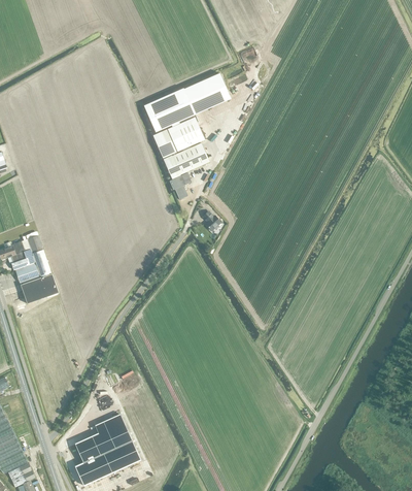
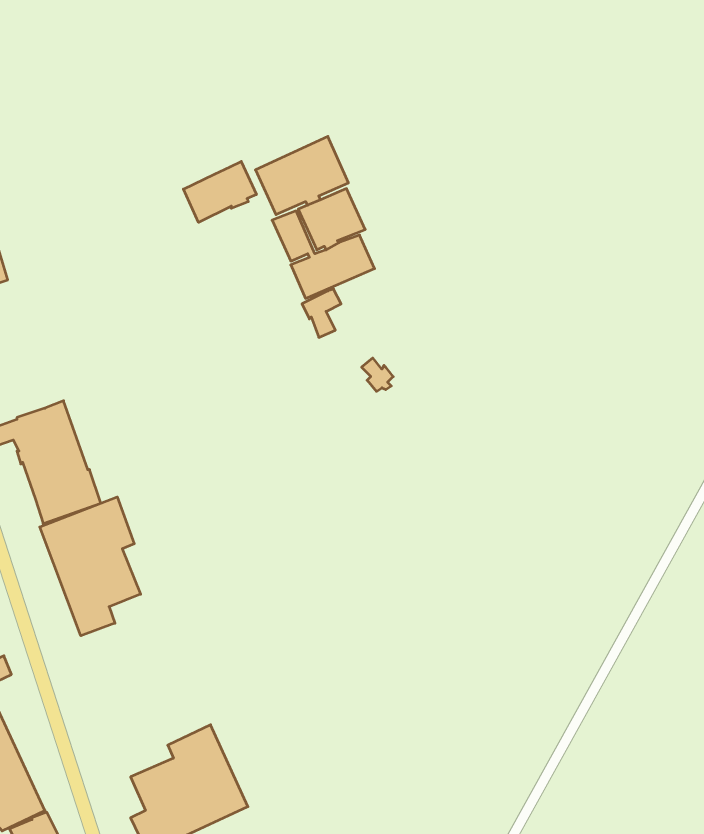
building: [183,73,231,114] -> none
building: none -> [183,161,256,222]
building: none -> [40,497,141,636]

